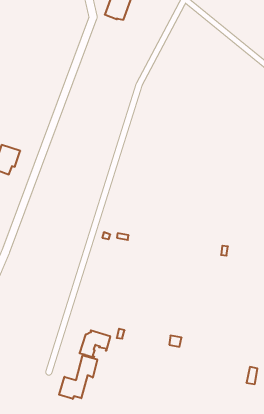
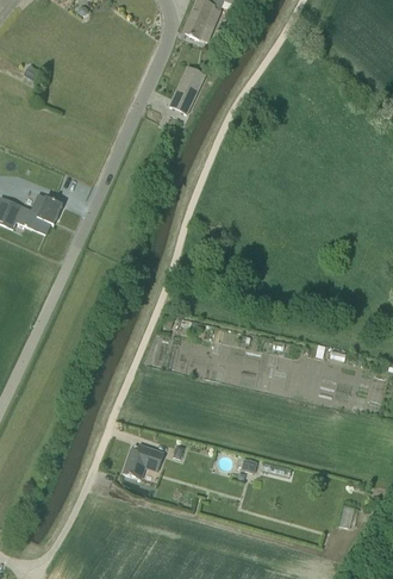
building: none -> [169,64,205,112]
building: [59,355,97,399] -> none

